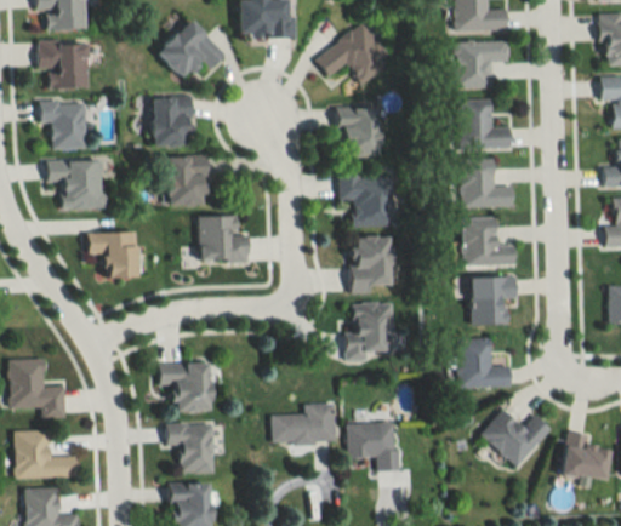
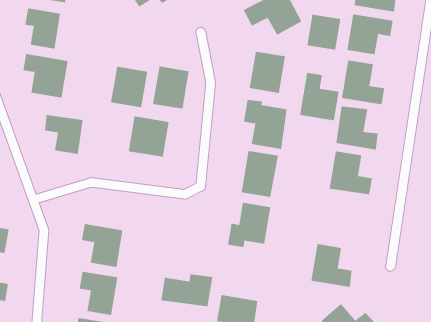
building: none -> [307,14,341,51]
building: [153,96,193,145] -> [152,66,189,109]
building: none -> [299,72,339,121]
building: [471,276,517,325] -> none

